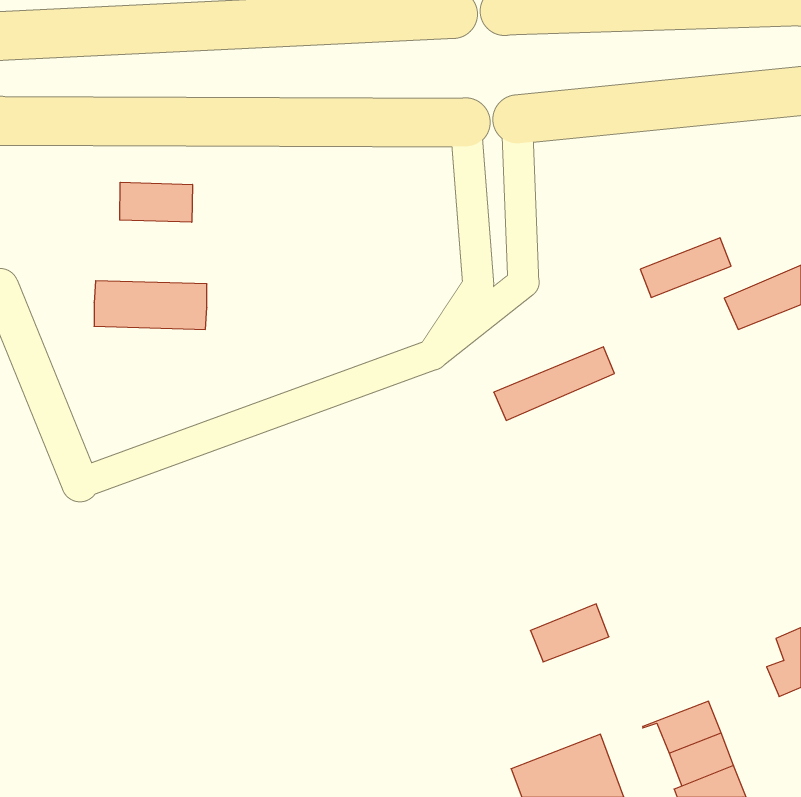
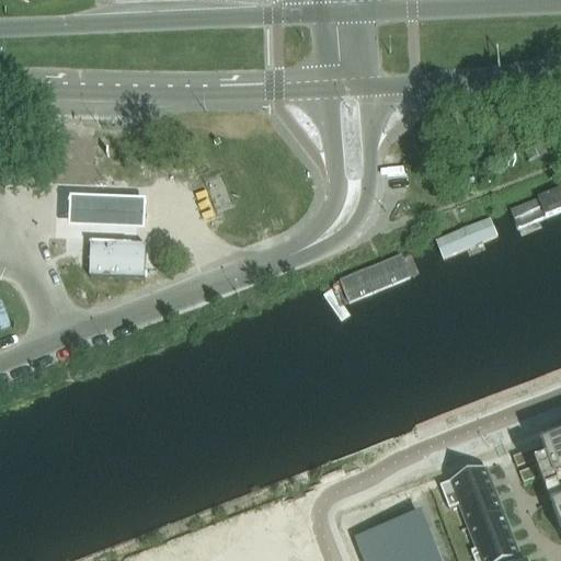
building: [120,182,192,222] -> none
building: [640,238,731,297] -> [434,215,497,256]
building: none -> [90,241,146,278]
building: [530,604,609,662] -> [440,467,495,507]

